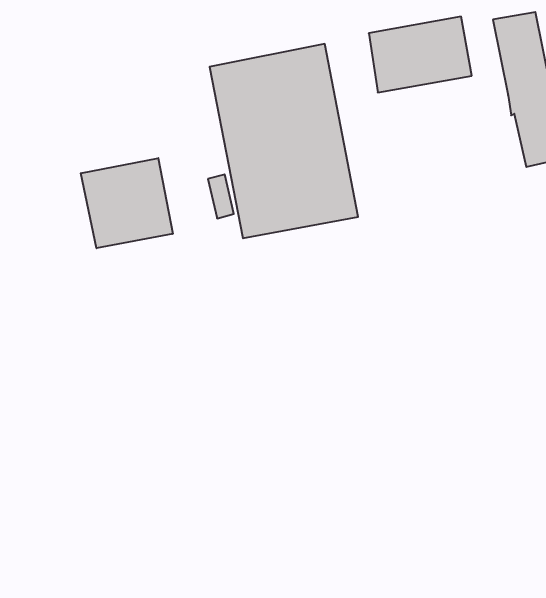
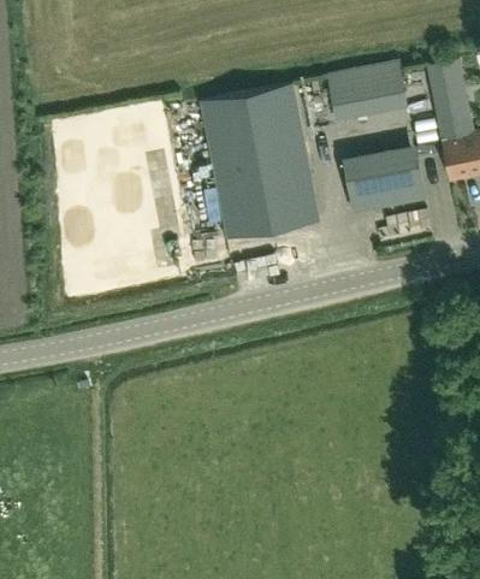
building: none -> [346,159,426,212]
building: [81,158,173,248] -> none

